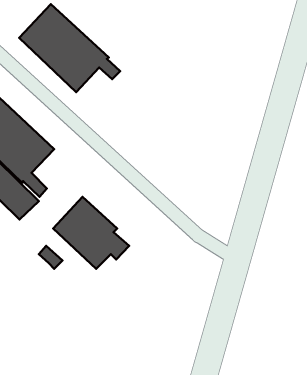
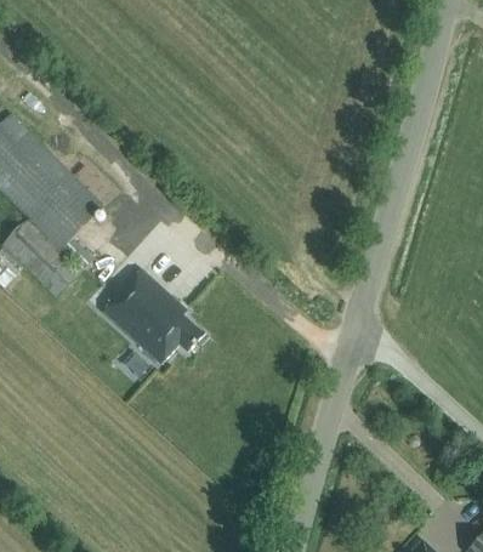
building: [19,4,120,92] -> none

